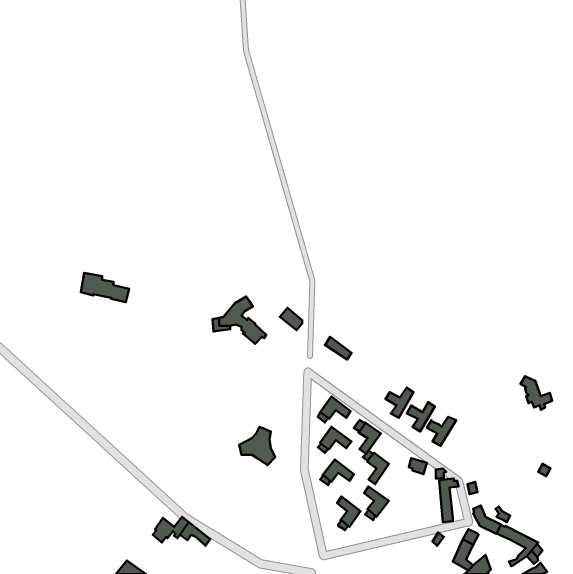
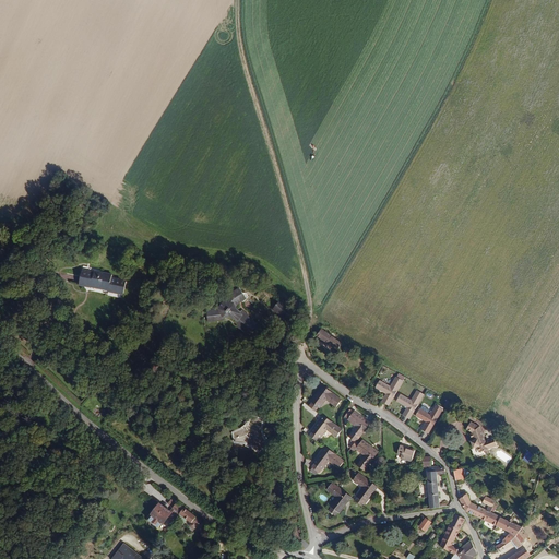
building: [521,376,552,410] -> [466,421,497,454]

